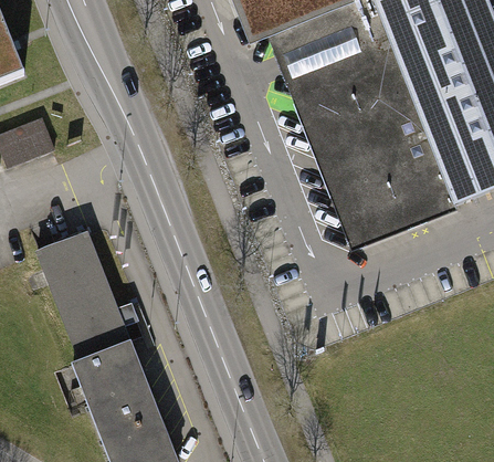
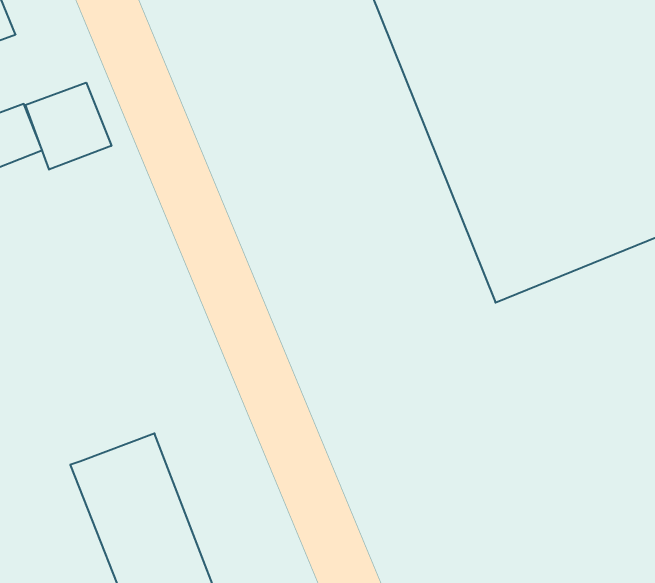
building: none -> [26,83,111,170]
building: [34,227,126,355] -> none

